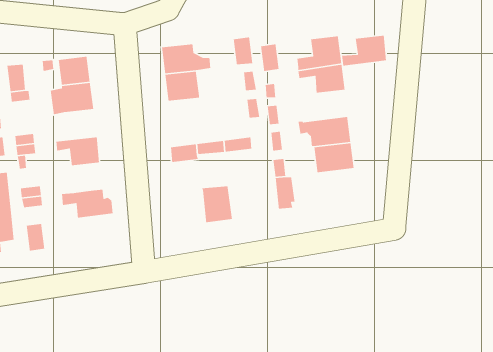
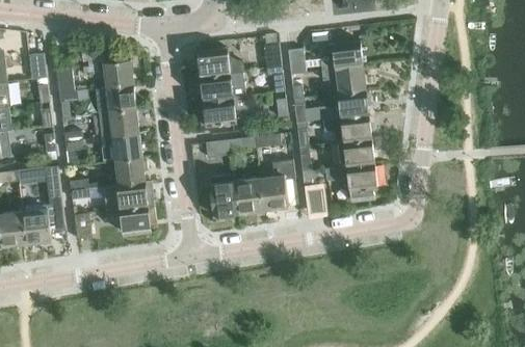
building: [341,35,387,67] -> [325,91,367,121]
building: none -> [199,96,246,128]
building: none -> [100,109,138,138]
building: none -> [114,158,146,185]
building: none -> [258,160,293,210]
building: none -> [326,163,376,202]
building: none -> [208,181,237,216]
building: none -> [120,205,154,234]

